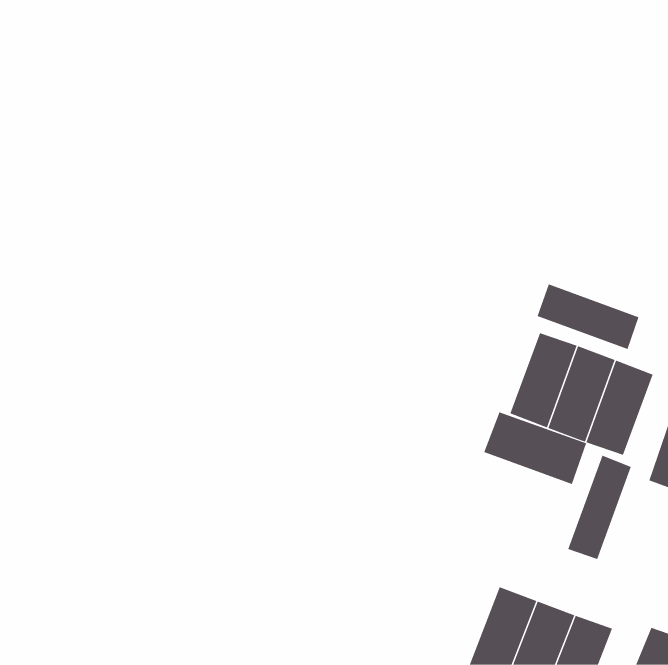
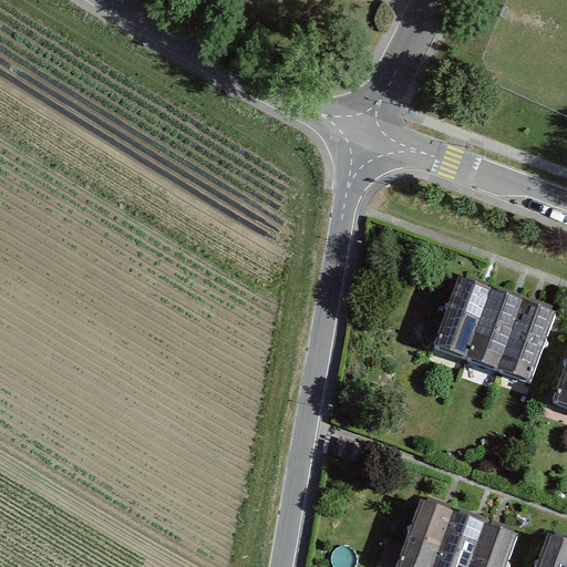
building: [537,284,639,350] -> none
building: [483,411,587,485] -> none
building: [568,455,631,560] -> none

